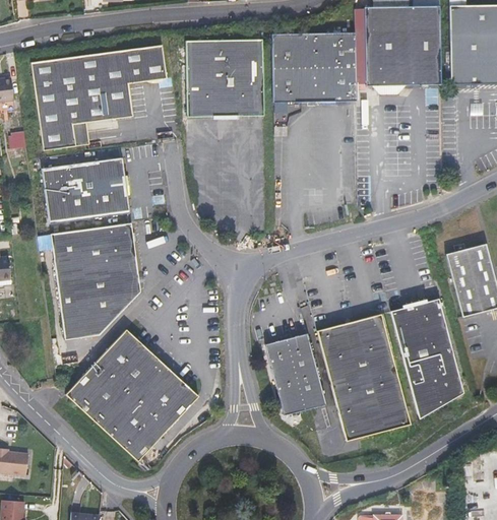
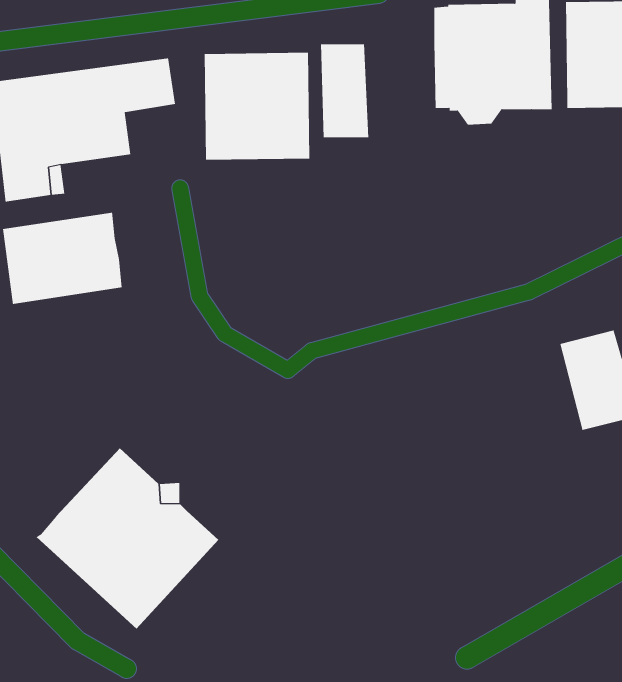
building: [304,34,356,103] -> none
building: [50,221,140,338] -> none
building: [390,297,463,417] -> none
building: [316,312,410,440] -> none
building: [264,331,324,413] -> none

